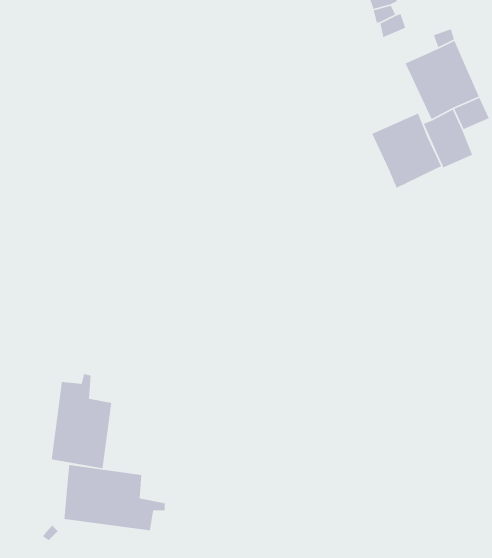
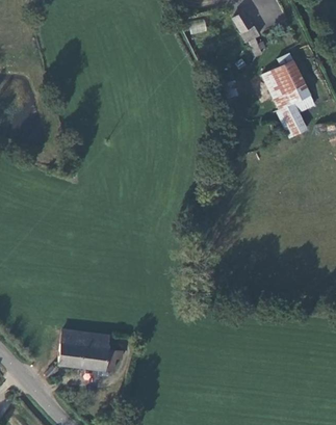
building: [371,112,442,189] -> none
building: [51,373,112,469] -> none

